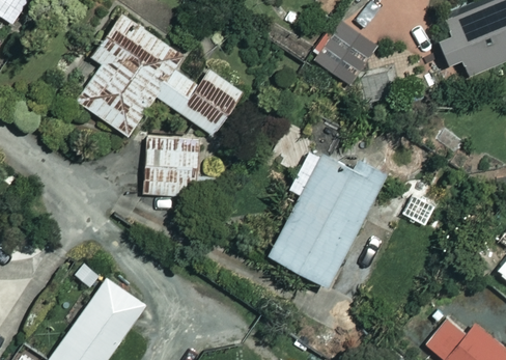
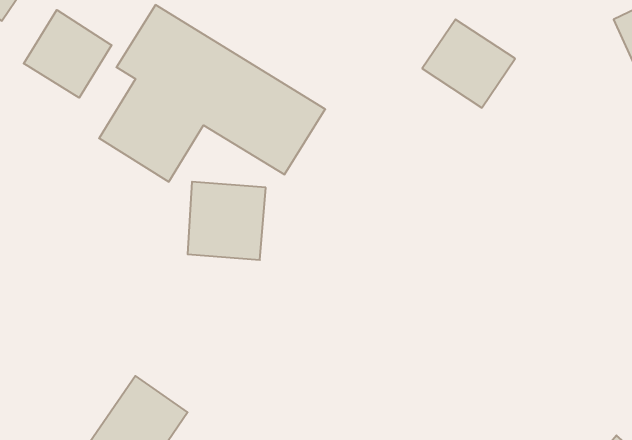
building: none -> [24,10,112,98]
building: [271,154,388,286] -> none

